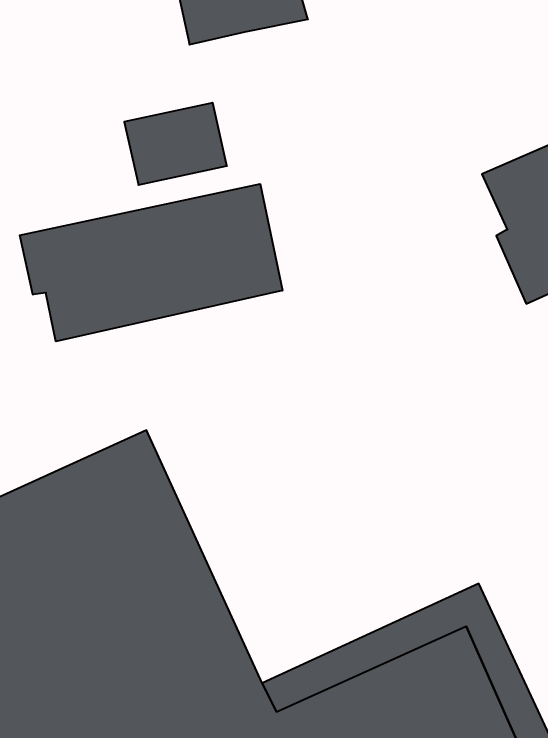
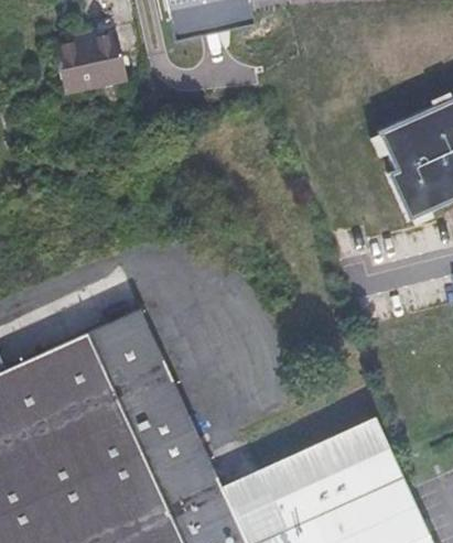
building: [124,103,227,185] -> [55,34,127,91]
building: [20,184,282,341] -> none

